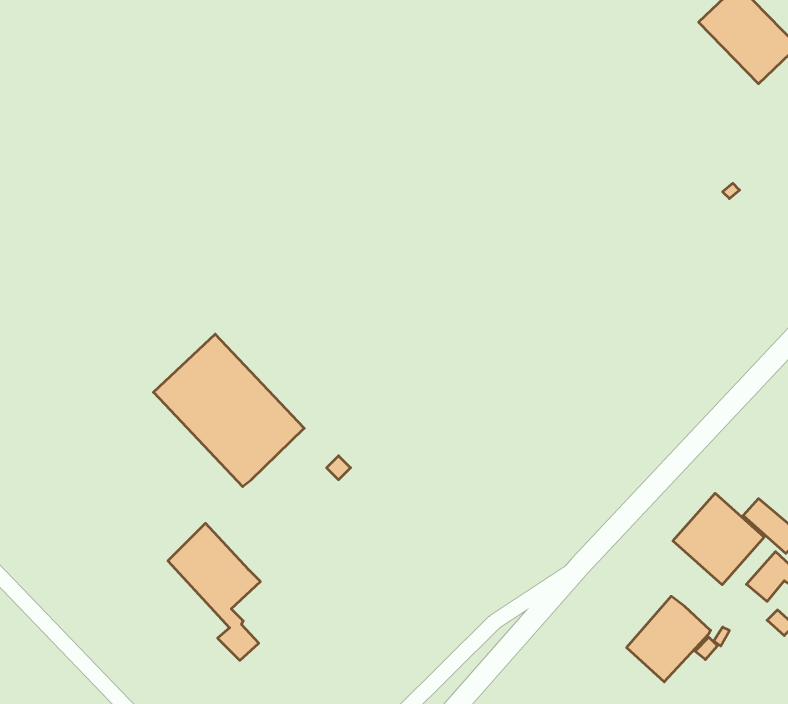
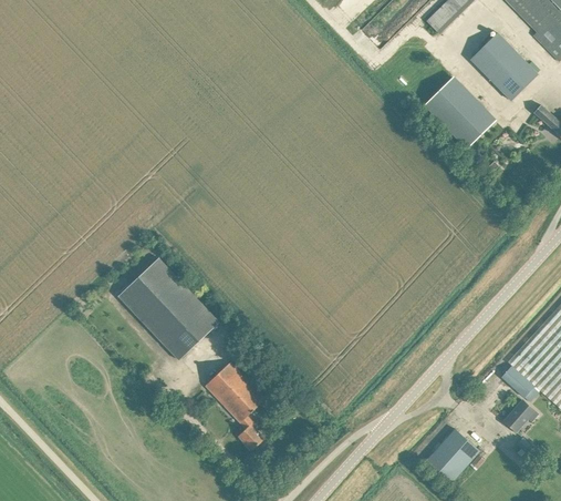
building: none -> [424,76,496,149]
building: [673,493,764,585] -> none
building: [168,523,260,660] -> [205,361,264,450]

